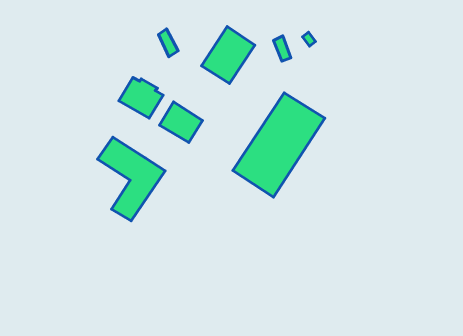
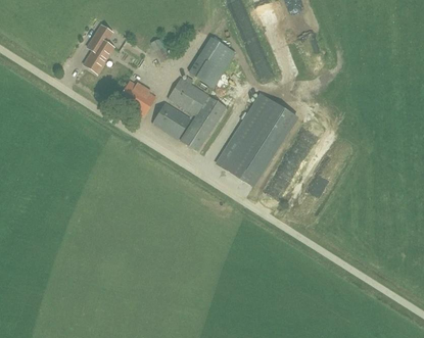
building: none -> [84,26,113,73]
building: [98,137,165,221] -> [168,77,227,150]

